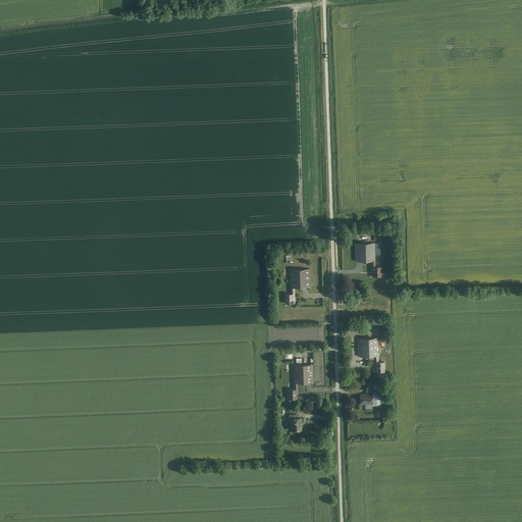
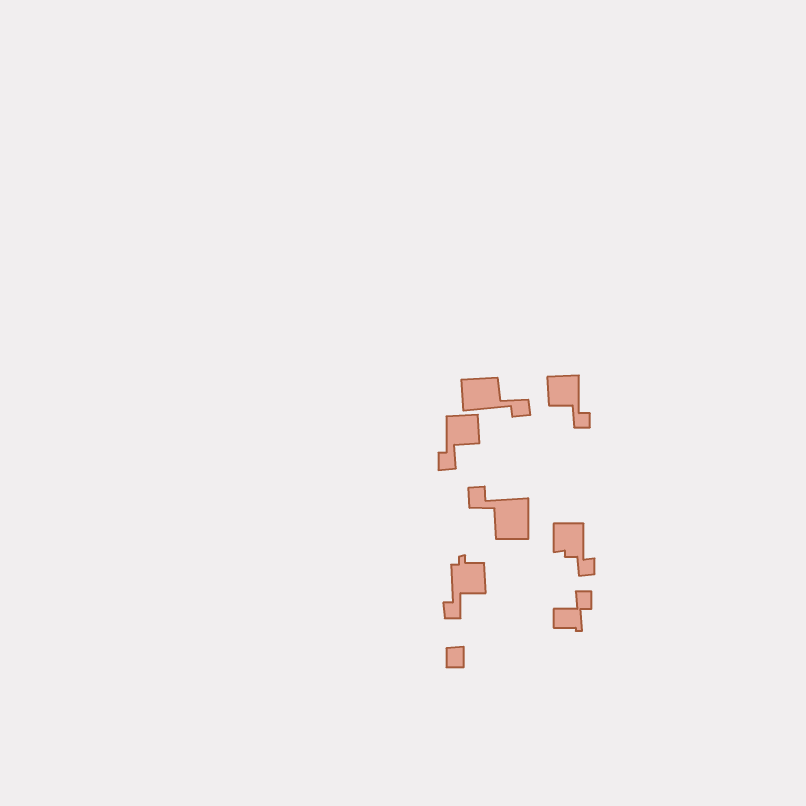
building: none -> [461,378,530,417]
building: none -> [469,486,528,539]

